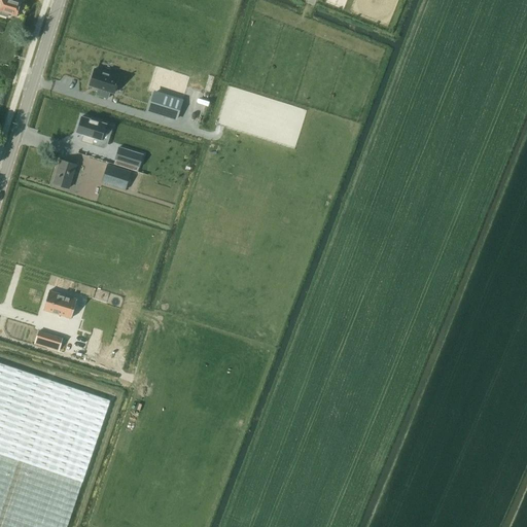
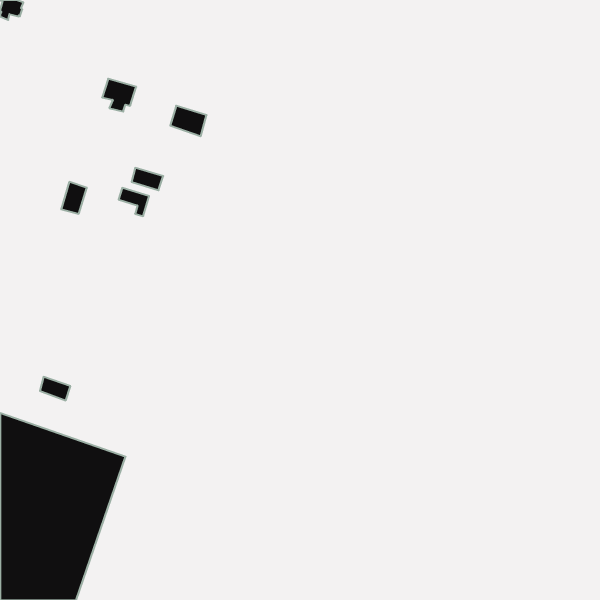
building: [76,116,112,144] -> none
building: [43,290,77,318] -> none

